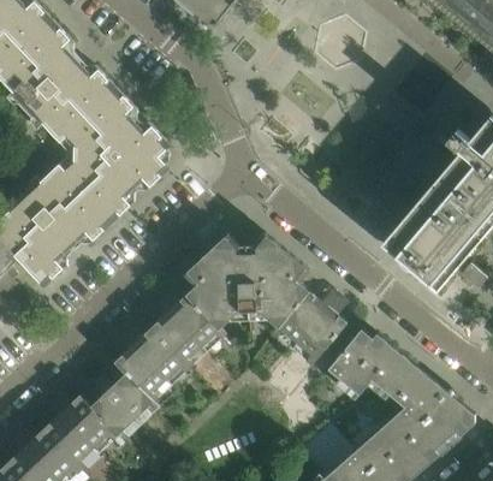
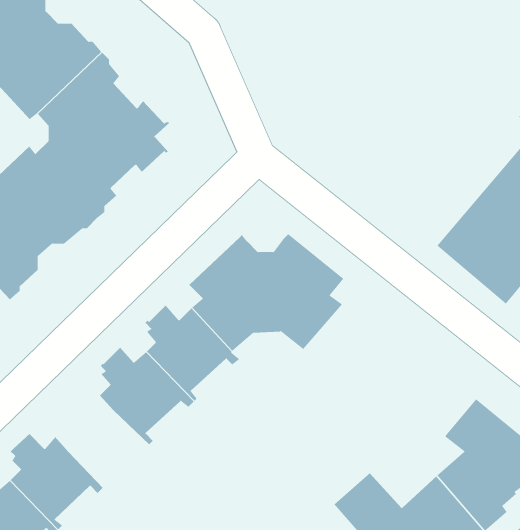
building: [272,287,348,366] -> none
building: [327,328,414,394] -> none
building: [90,373,159,435] -> none

